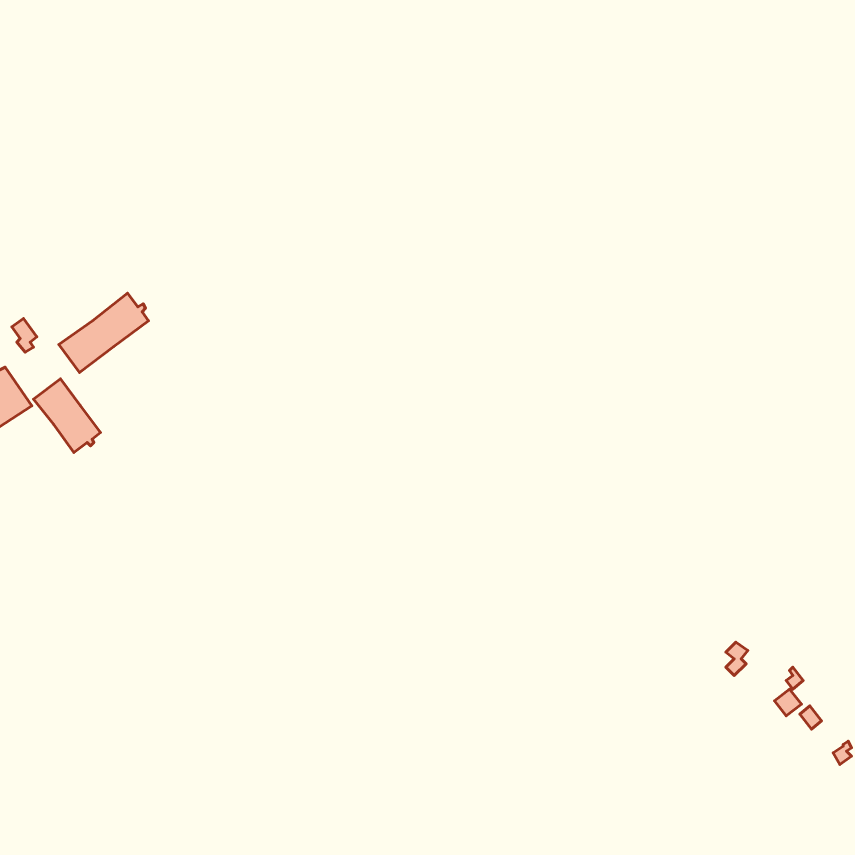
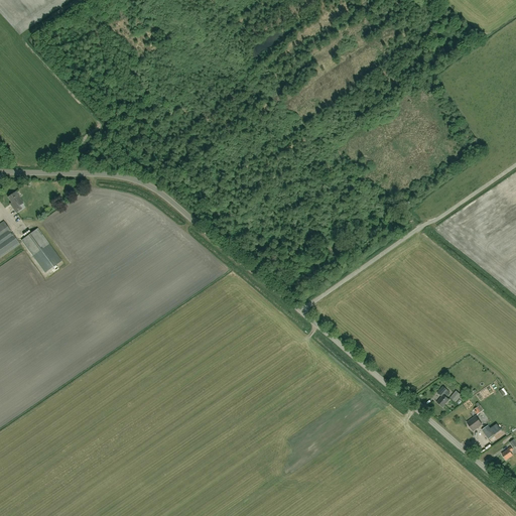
building: [59,293,148,372] -> none

